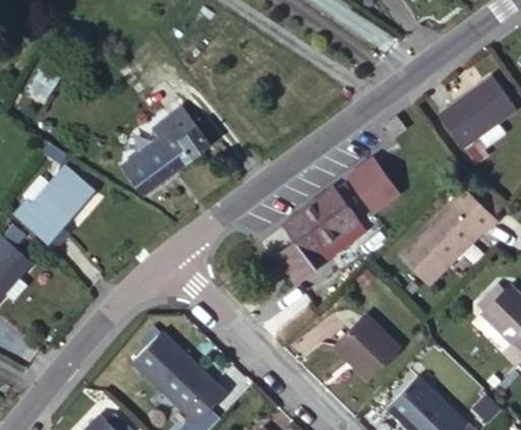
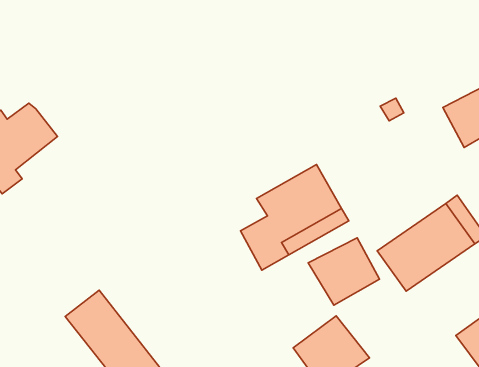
building: [111,106,199,191] -> none
building: [348,153,401,208] -> none
building: none -> [308,238,380,305]

